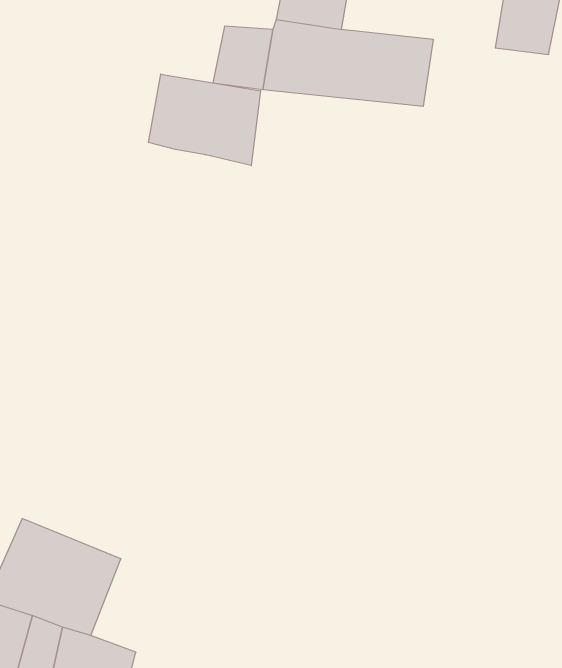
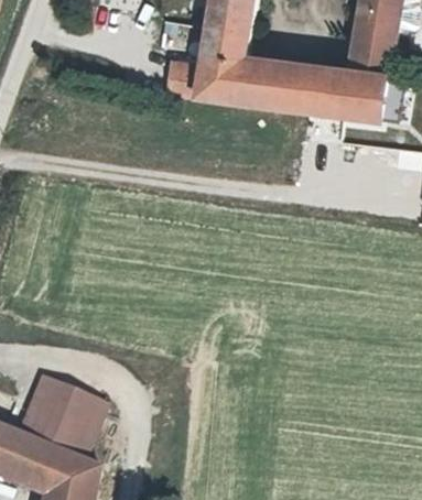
building: none -> [301,63,383,117]
building: [148,74,261,166] -> none

